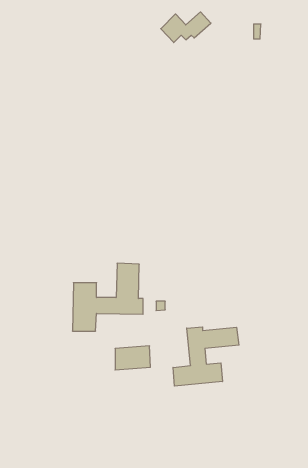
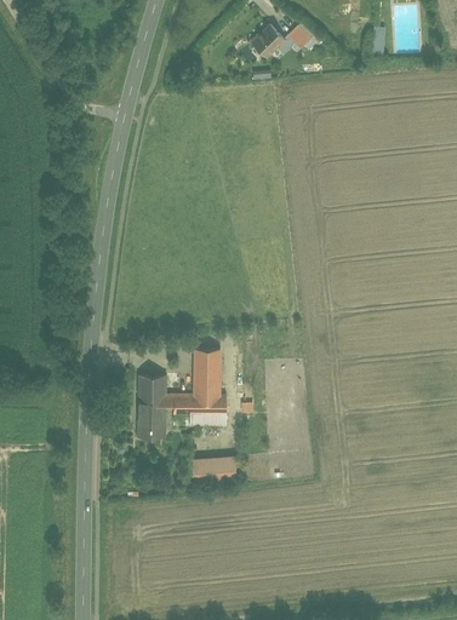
building: [173,327,239,386] -> none

